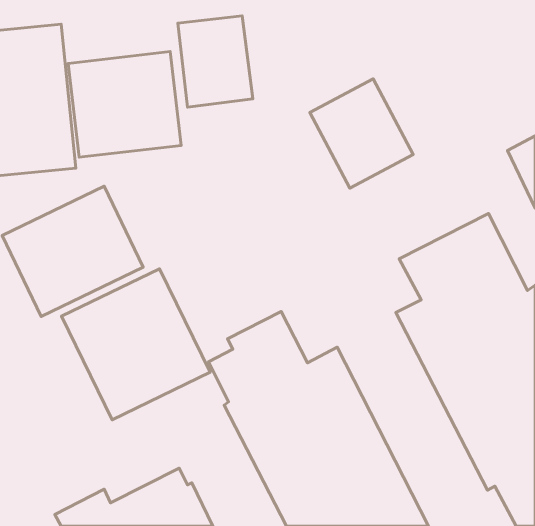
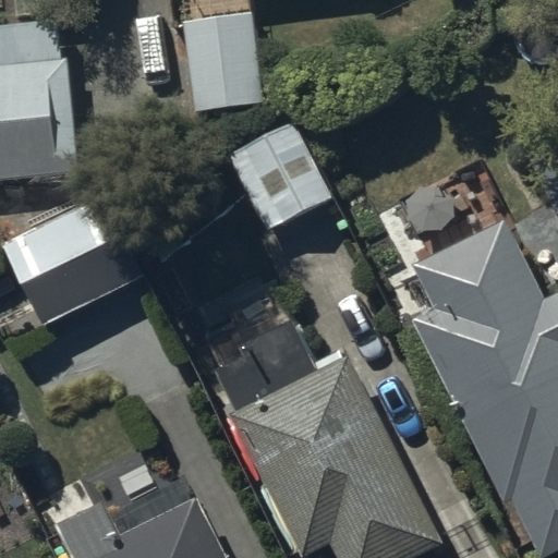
building: [68,52,181,157] -> none
building: [310,79,413,188] -> [226,118,332,231]
building: [62,269,210,420] -> none

